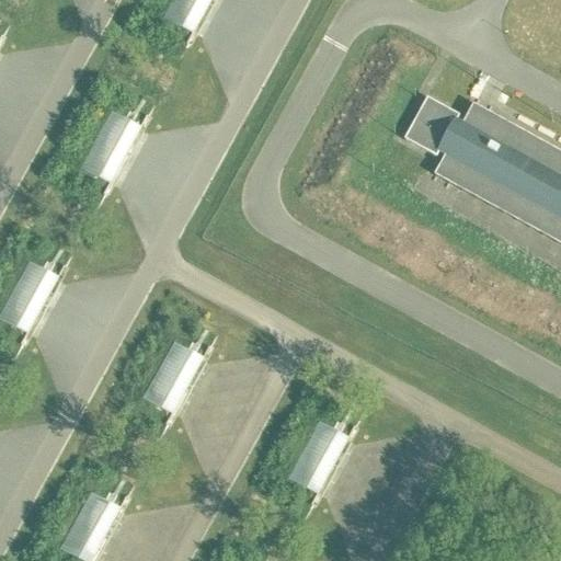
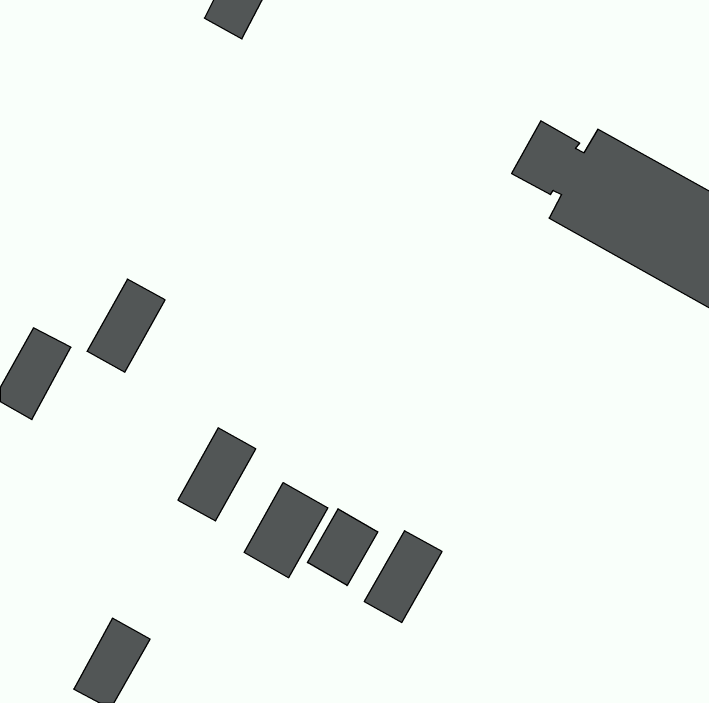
building: [79,107,140,181] -> [87,279,165,372]
building: none -> [244,483,328,578]
building: none -> [307,509,378,586]

